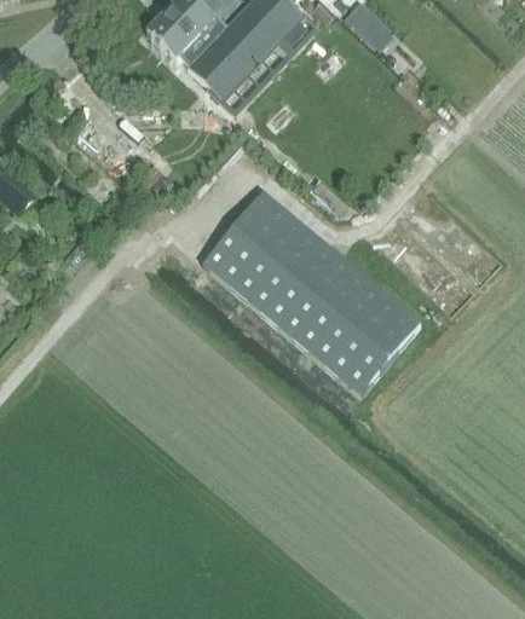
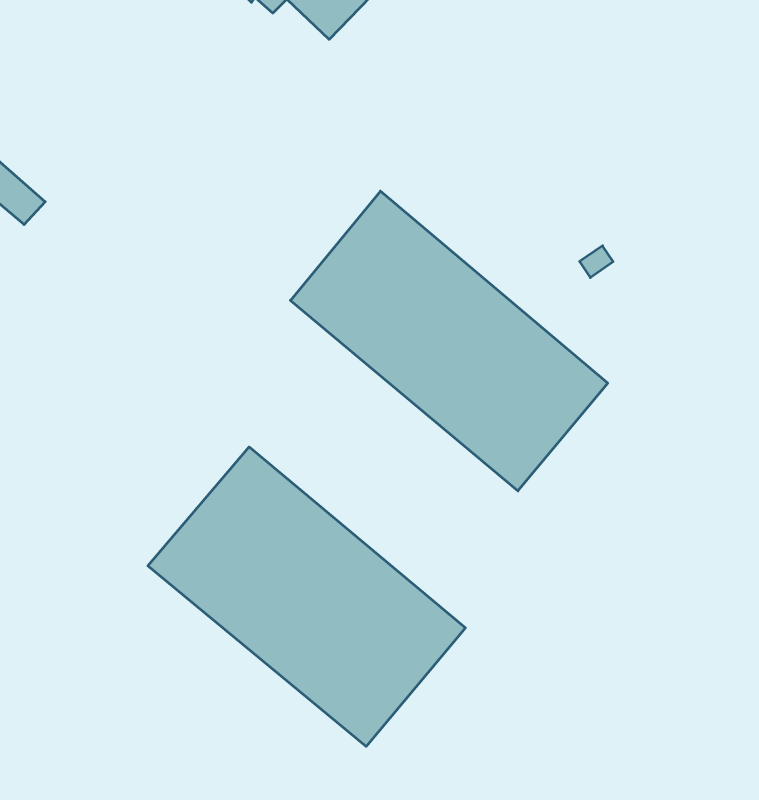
building: none -> [148,447,465,746]

